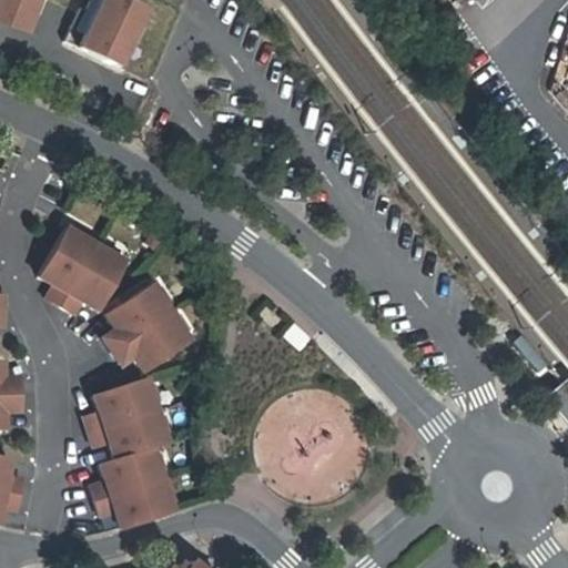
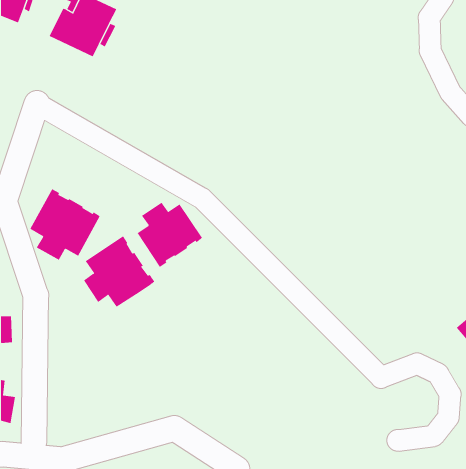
building: none -> [137,202,203,268]
building: [88,377,176,527] -> none

